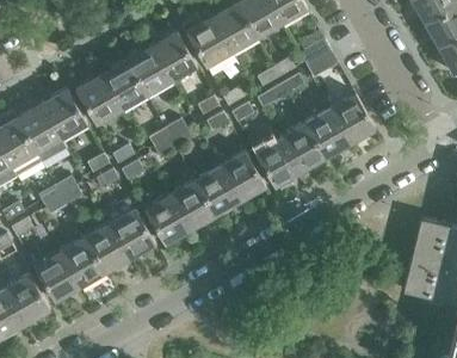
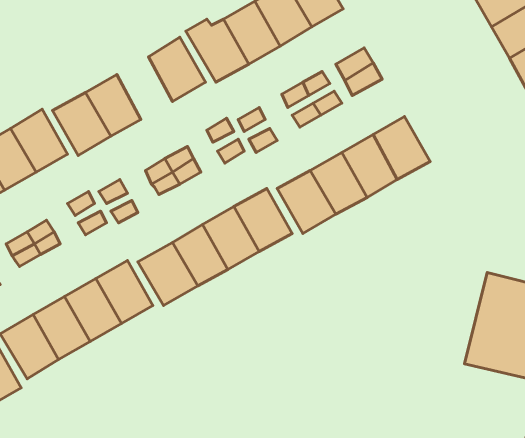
building: [126,47,171,97] -> none

